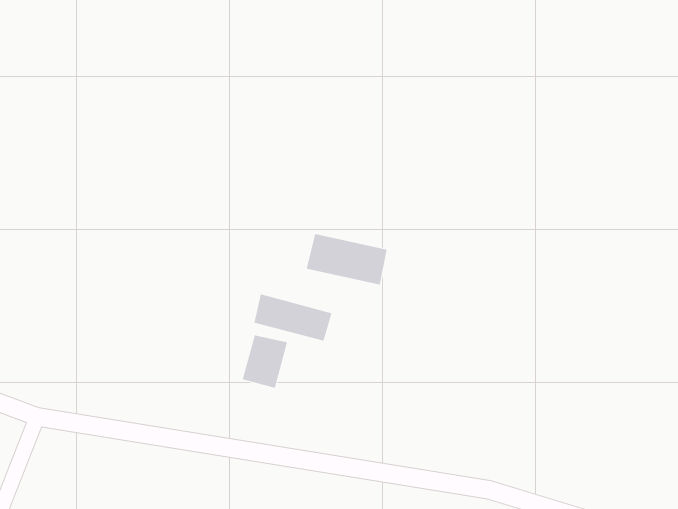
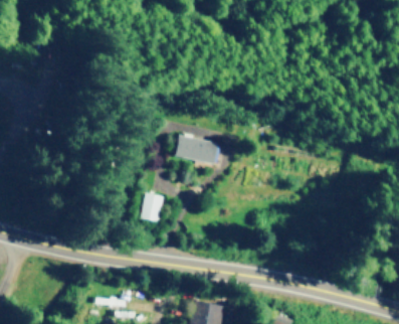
building: [254,293,332,342] -> none

